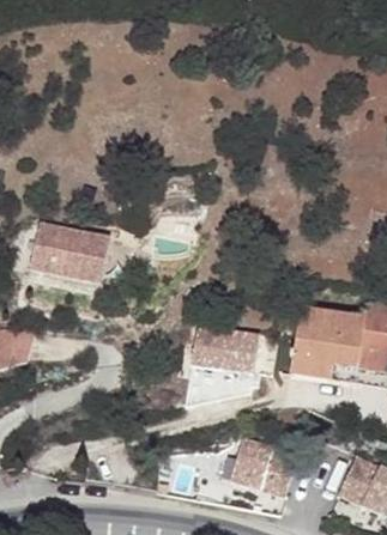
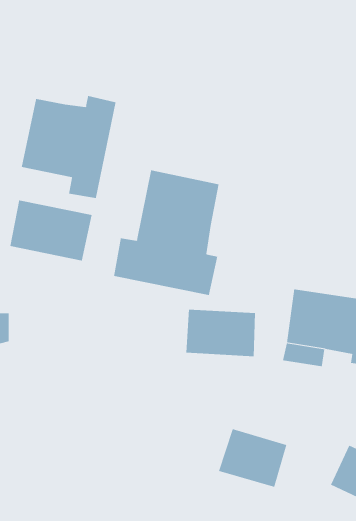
building: none -> [21,95,116,199]
building: none -> [114,169,219,296]

